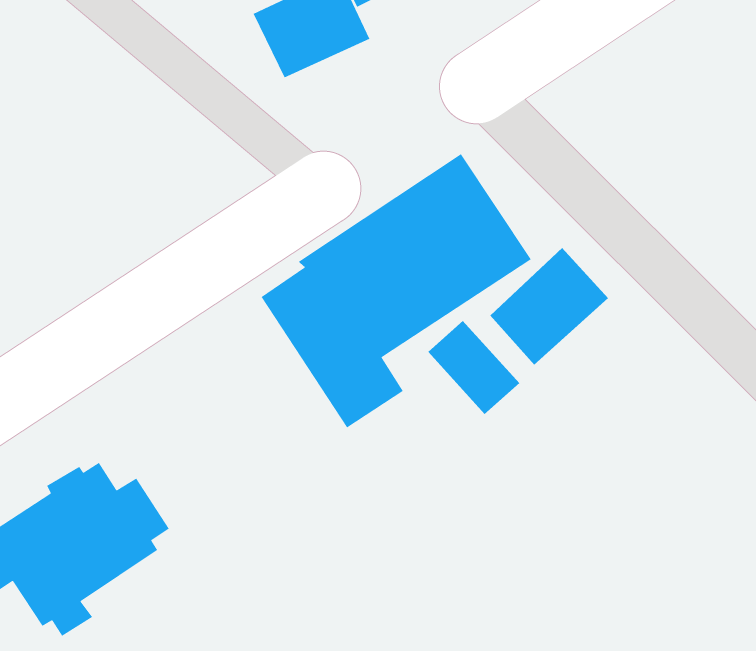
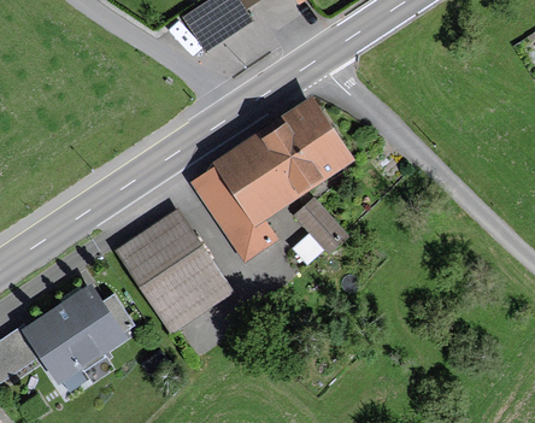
building: [489,247,609,366] -> none
building: none -> [113,208,234,336]

